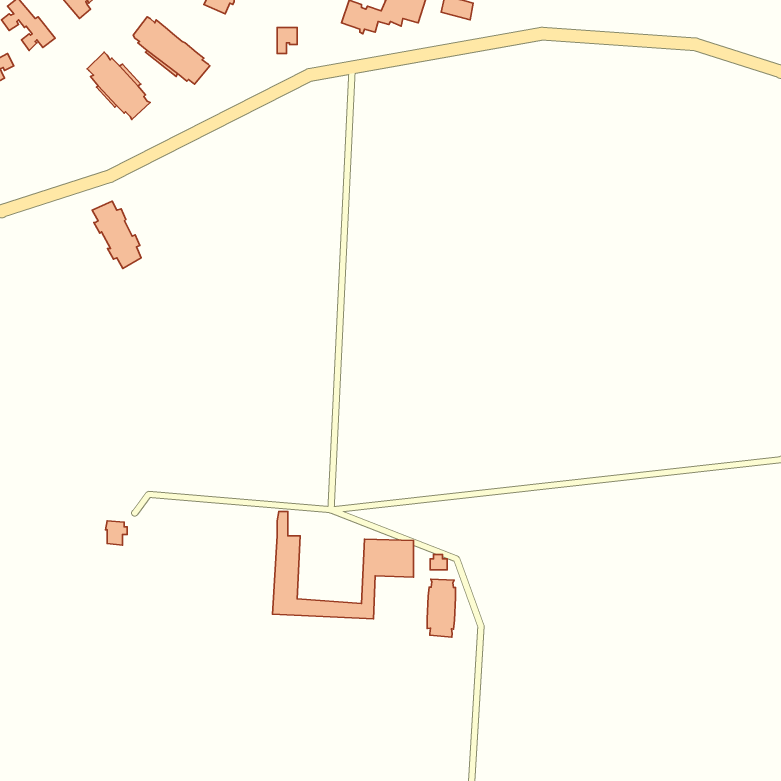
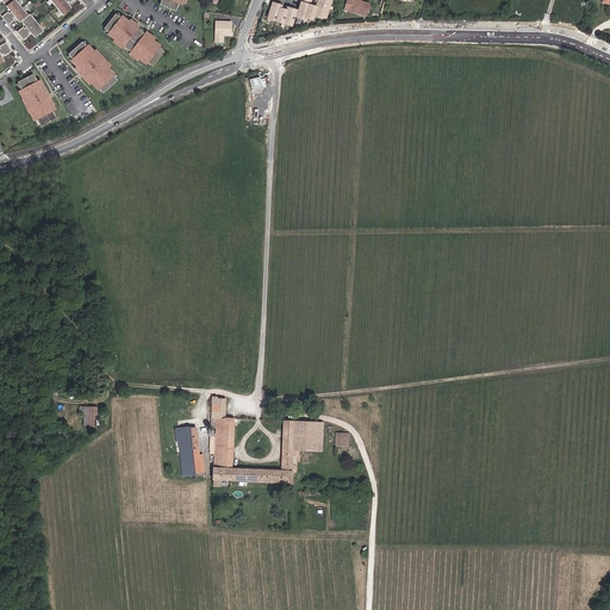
building: [92,201,141,268] -> [17,74,55,126]
building: none -> [174,427,203,472]
building: [427,579,456,637] -> none

